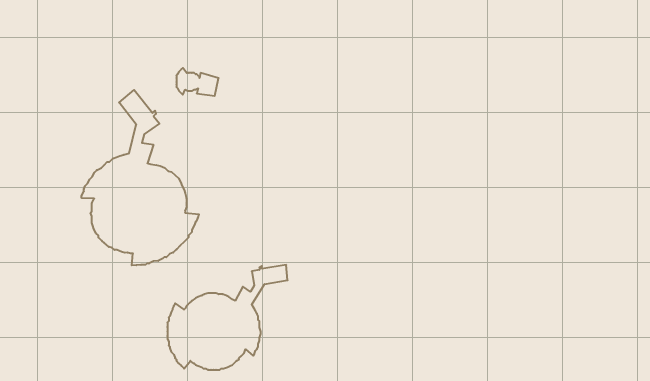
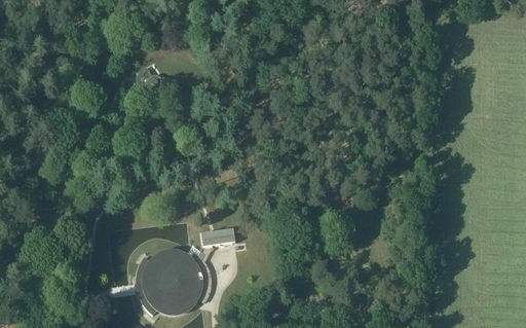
building: [82,90,199,265] -> none

